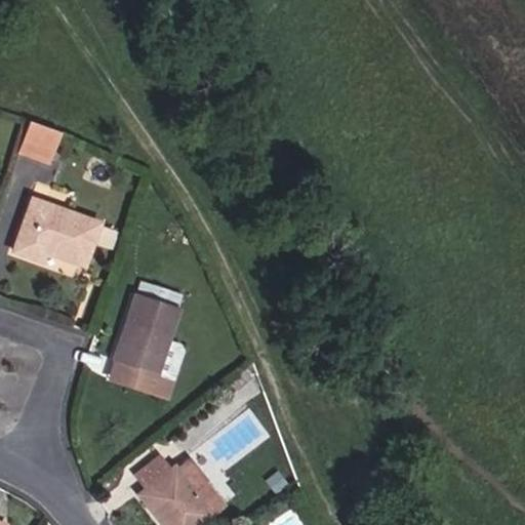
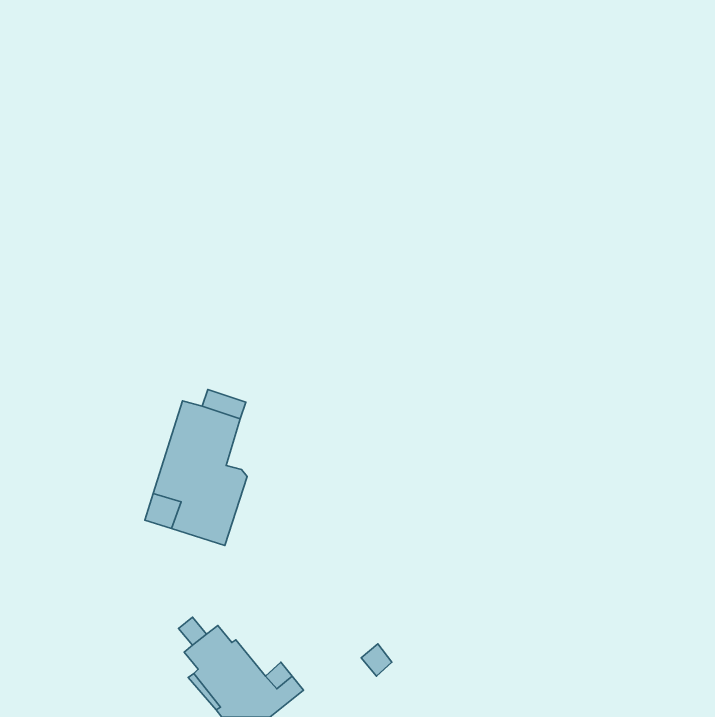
building: [18,121,60,163] -> none
building: [14,199,113,264] -> none

